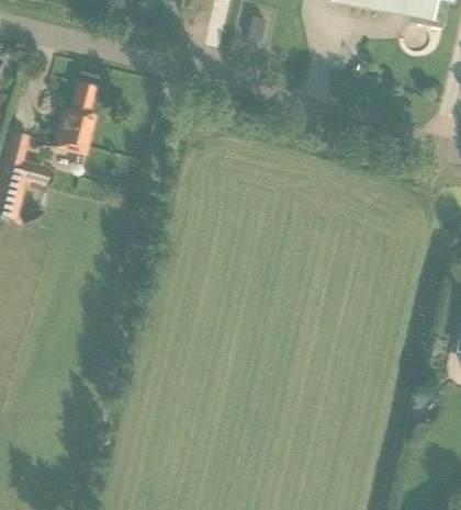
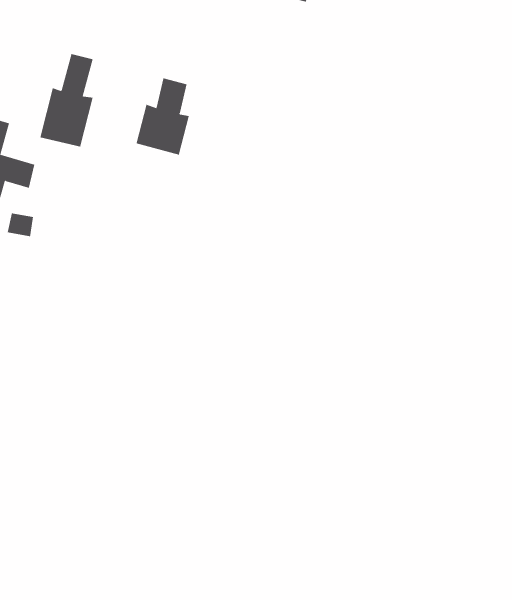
building: none -> [136,78,189,155]

